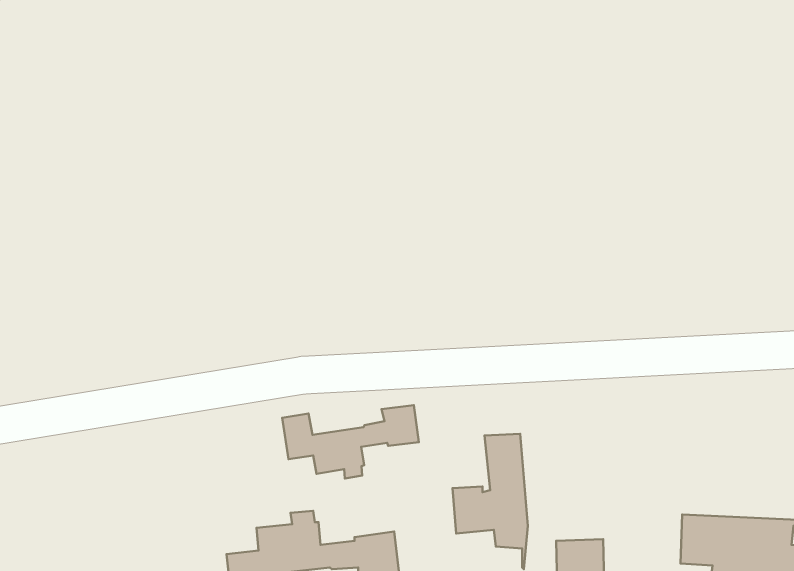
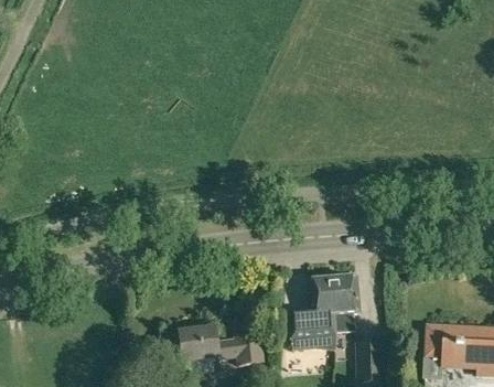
building: [282,405,419,479] -> none
building: none -> [332,279,355,335]

